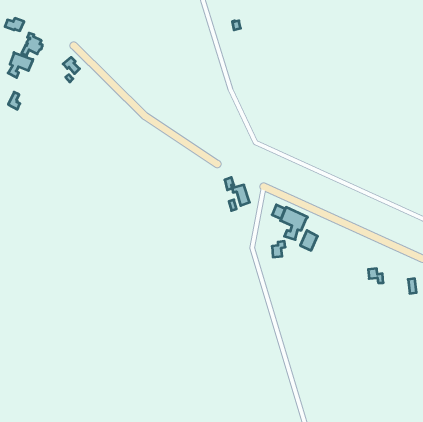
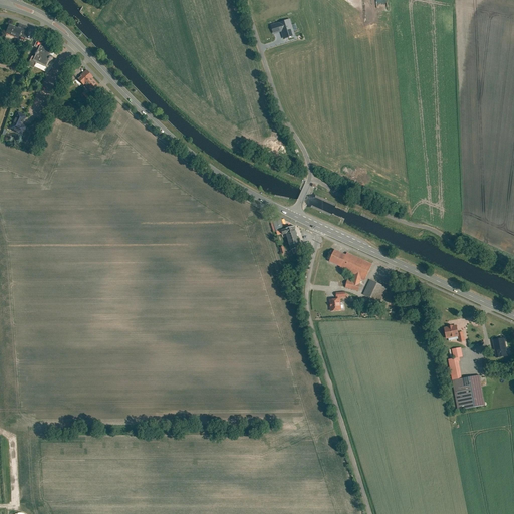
building: [8,52,33,78] -> none
building: none -> [448,347,483,409]

